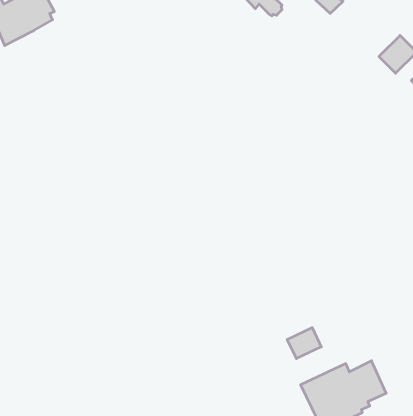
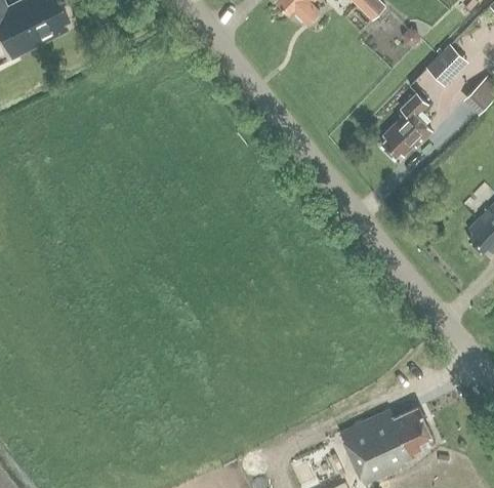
building: none -> [379,92,430,157]
building: [287,328,321,359] -> none

